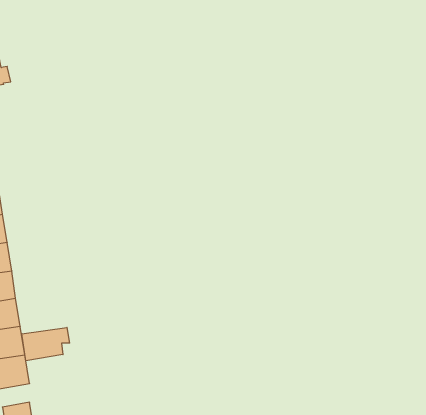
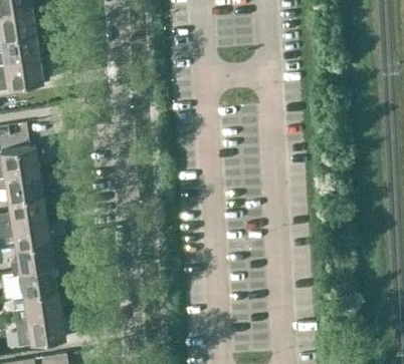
building: [22,327,70,361] -> none

